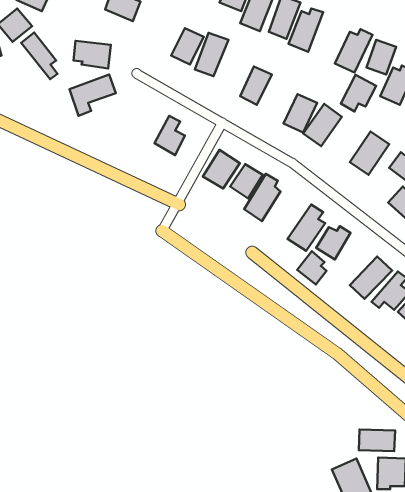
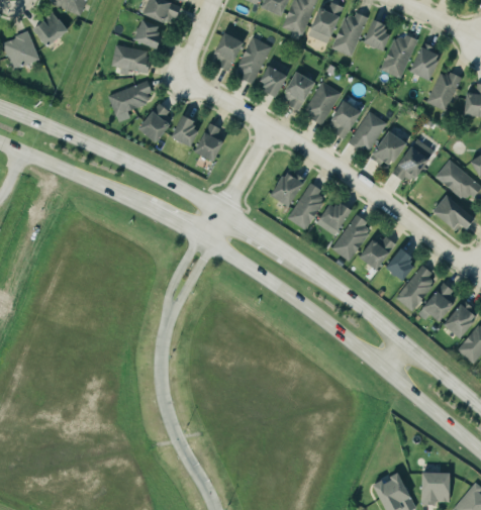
building: none -> [134,20,164,48]
building: none -> [364,20,394,50]
building: [21,32,58,79] -> none
building: none -> [260,65,288,97]
building: [341,75,376,111] -> [371,130,407,168]
building: none -> [302,81,339,124]
building: none -> [138,102,172,142]
building: none -> [173,114,199,145]
building: [203,150,240,188] -> none
building: none -> [316,199,352,236]
building: [297,251,327,285] -> [385,246,415,281]
building: [359,429,395,451] -> none

